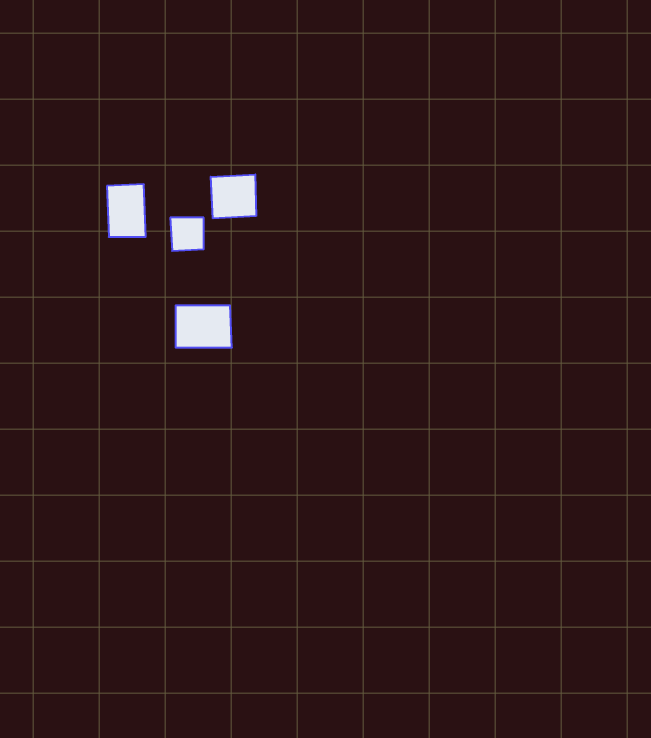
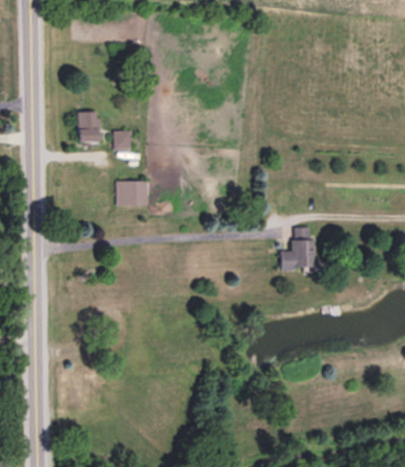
building: [211,174,256,218] -> none
building: none -> [279,227,314,270]

